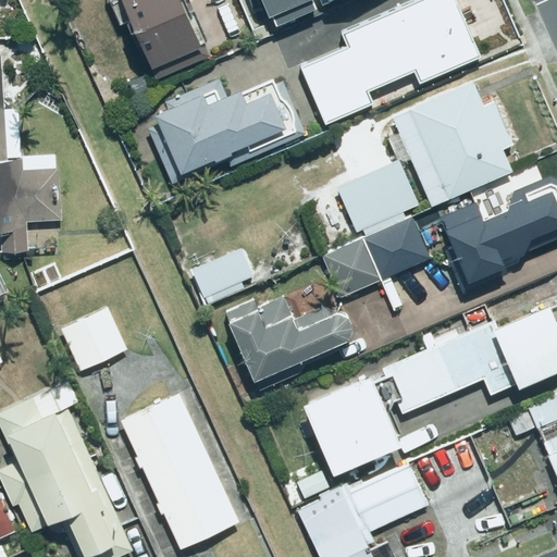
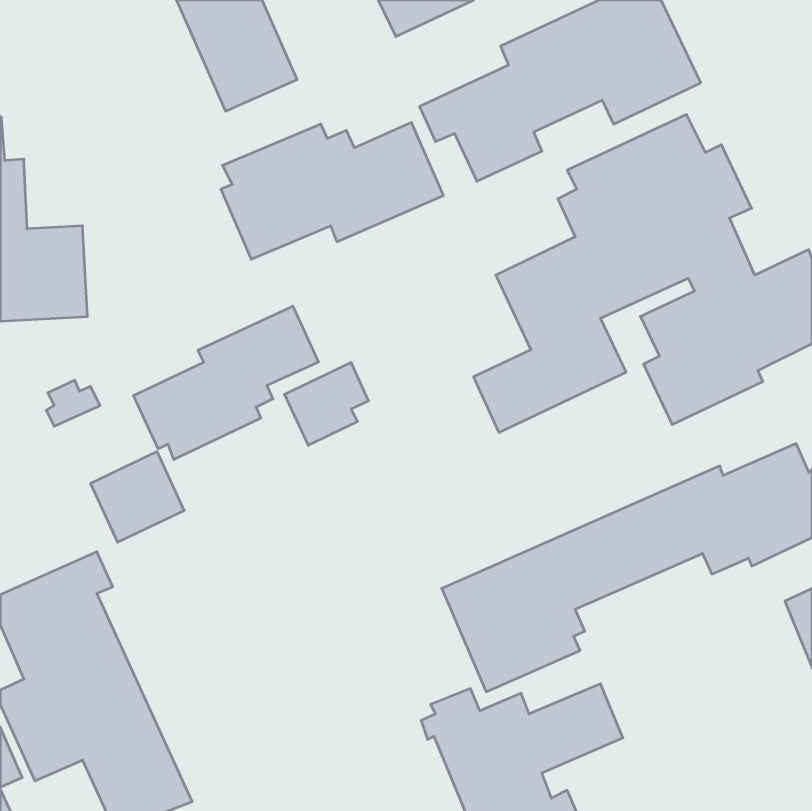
building: none -> [134,306,318,460]
building: [224,298,352,380] -> none
building: [120,386,237,548] -> none

